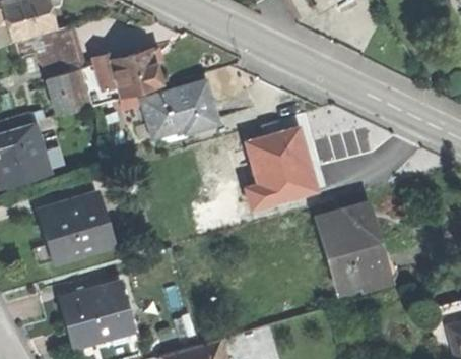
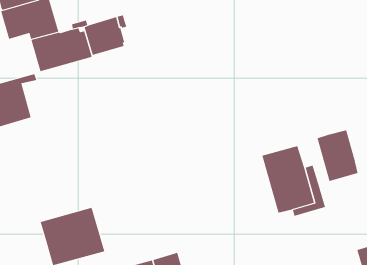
building: [140,82,217,134] -> none
building: [245,126,318,206] -> none
building: none -> [317,129,358,182]
building: [40,193,113,261] -> none

